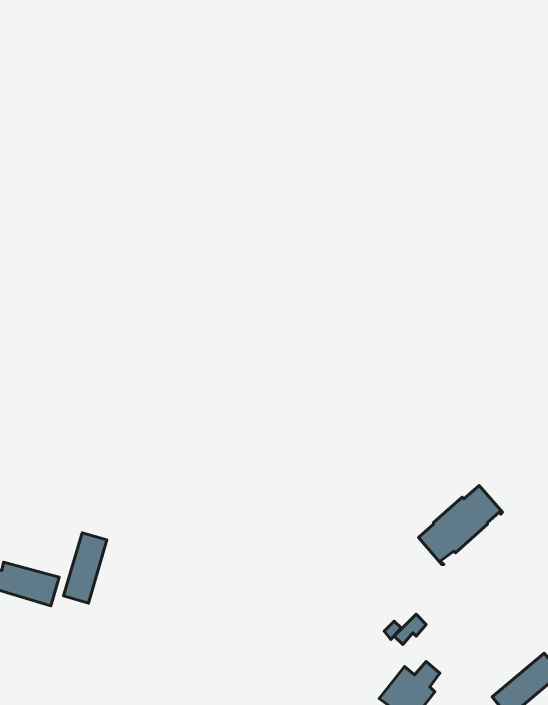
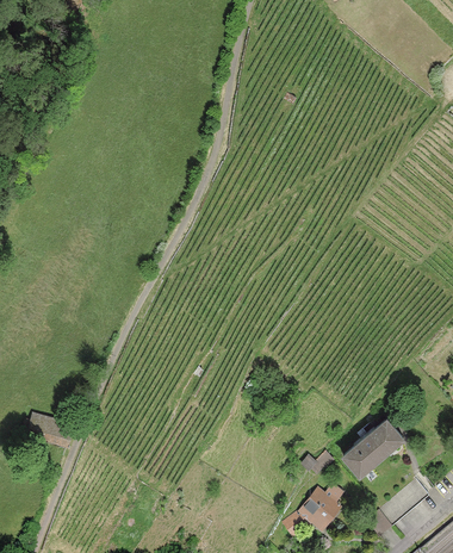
building: [418,485,503,565] -> [343,418,403,474]
building: [64,533,107,603] -> none

